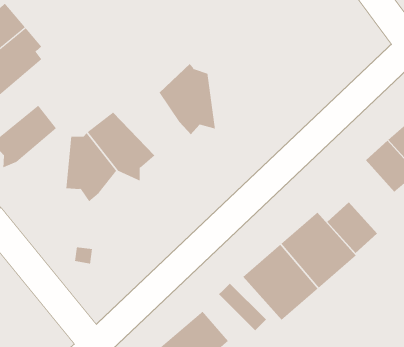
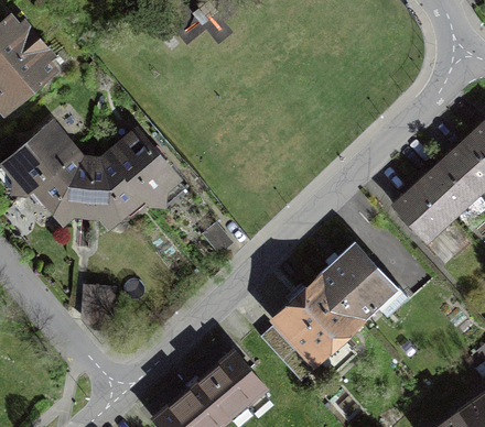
building: [159,63,215,135] -> none
building: none -> [24,146,85,226]
building: [326,201,378,254] -> [394,183,452,242]

